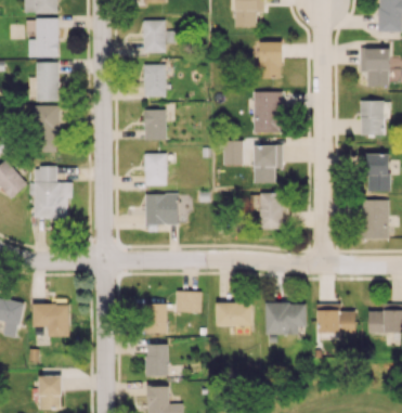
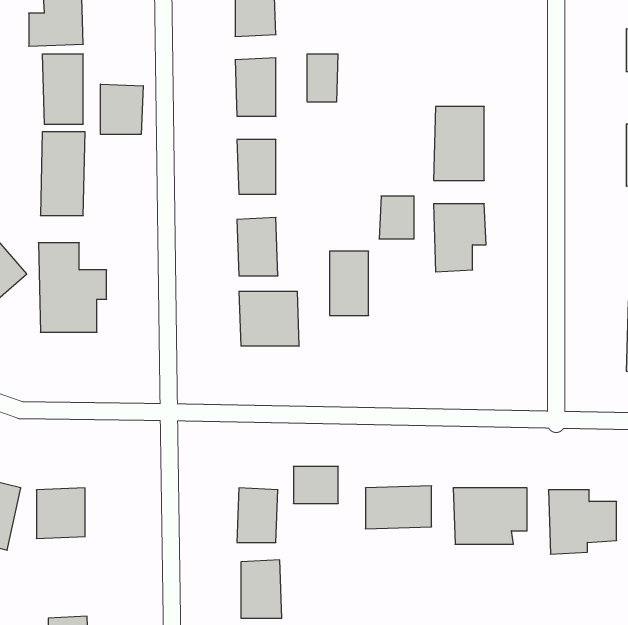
building: [260,41,283,78] -> none
building: none -> [307,54,338,102]
building: none -> [101,84,143,134]
building: [260,193,282,229] -> [330,251,369,315]

